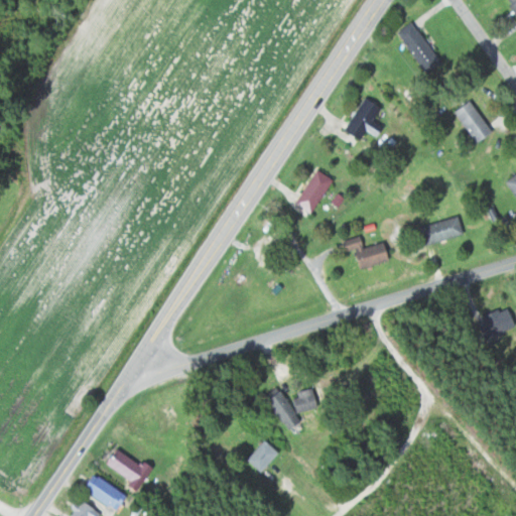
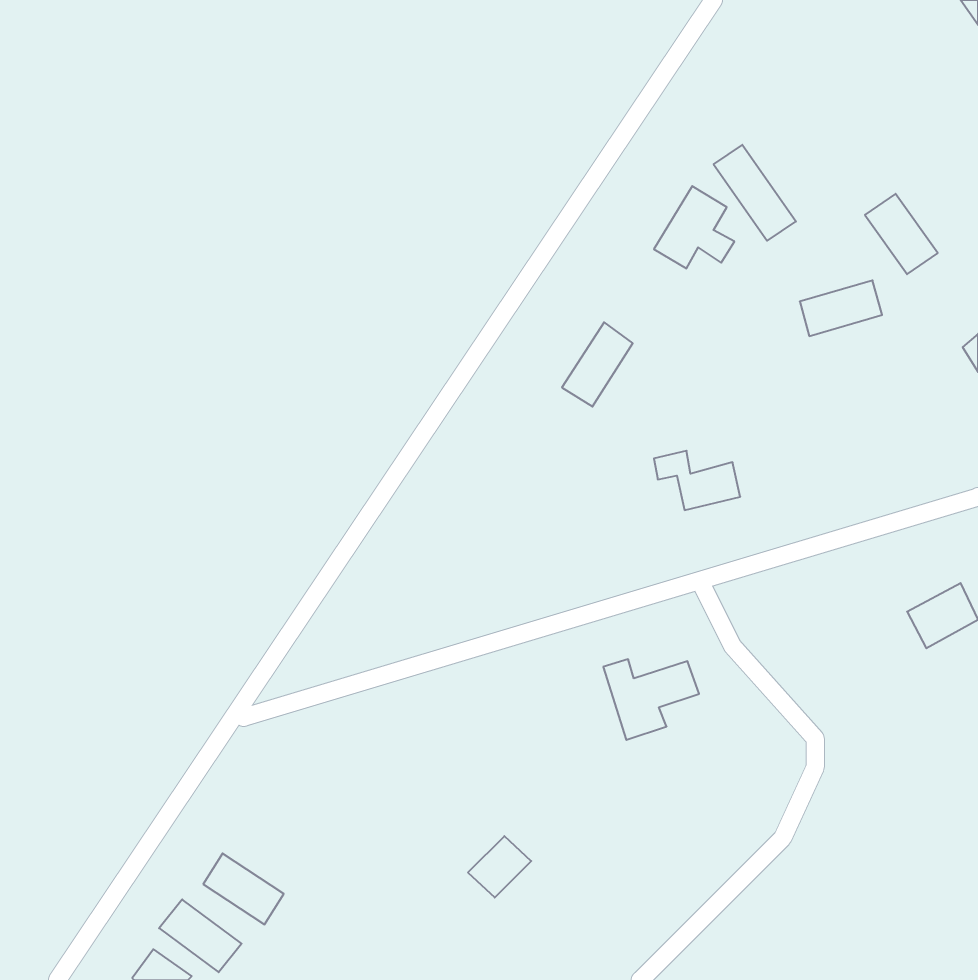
building: [397,22,440,73] -> [714,145,796,241]
building: [420,217,464,246] -> [800,280,882,336]
building: [268,388,318,430] -> [603,659,699,740]

